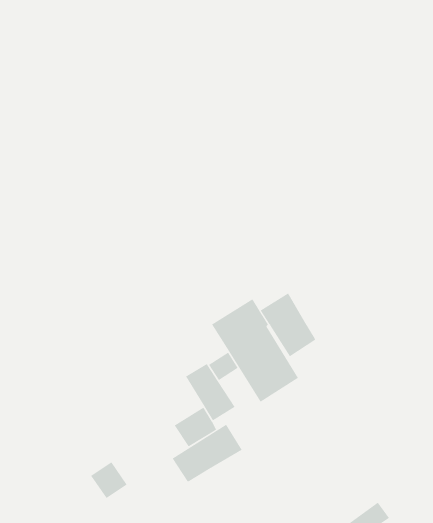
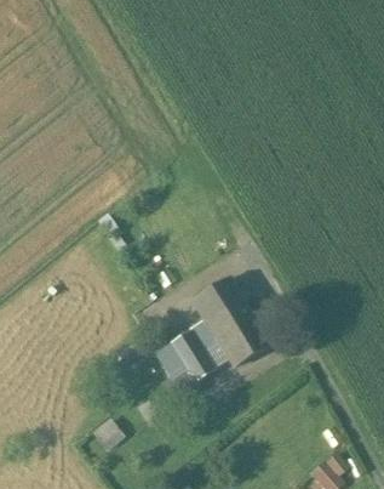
building: [260,292,316,357] -> none
building: [172,424,243,482] -> none

